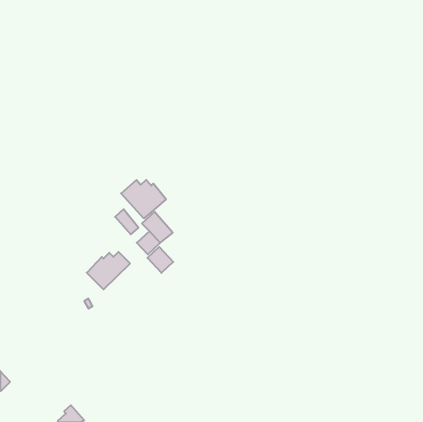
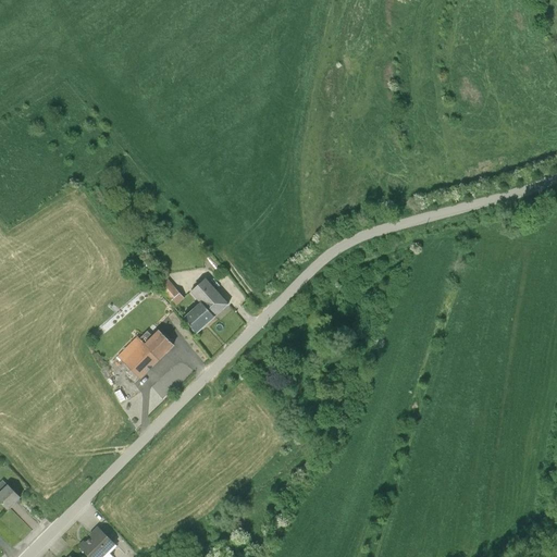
building: [121,180,166,218] -> none
building: [147,247,173,273] -> none

